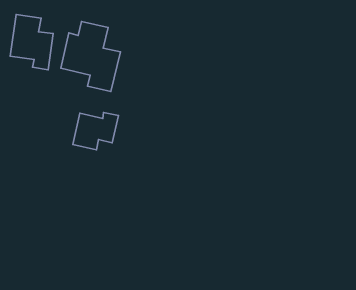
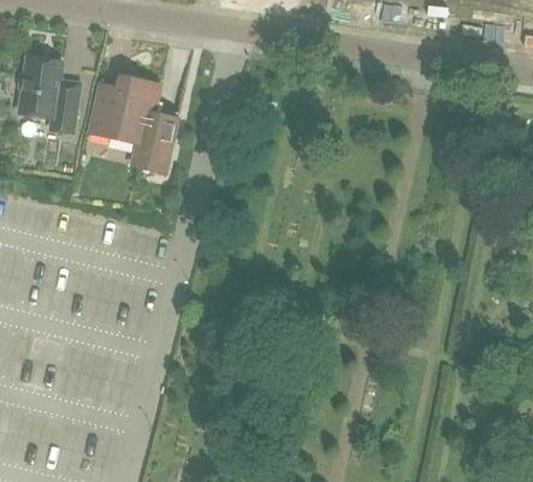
building: [73,112,119,150] -> none

